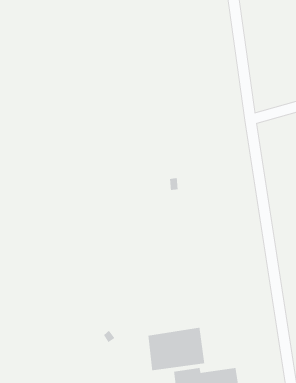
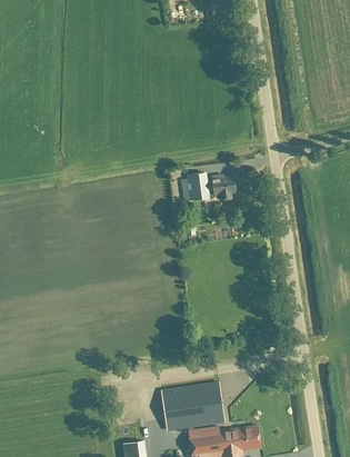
building: none -> [180,172,237,201]

